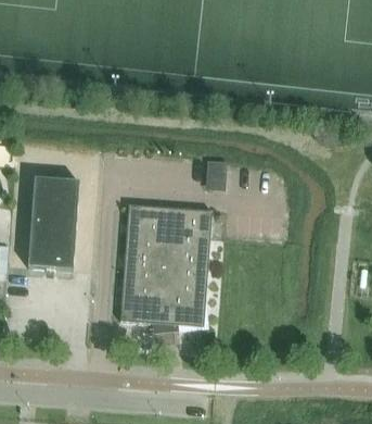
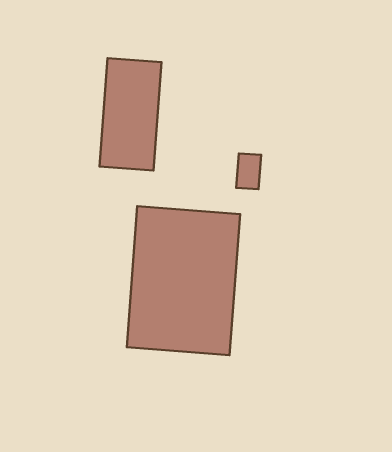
building: [29,179,80,272] -> [99,58,161,170]

